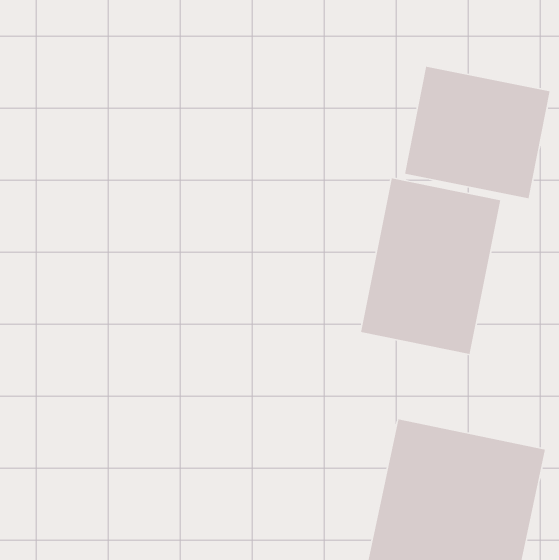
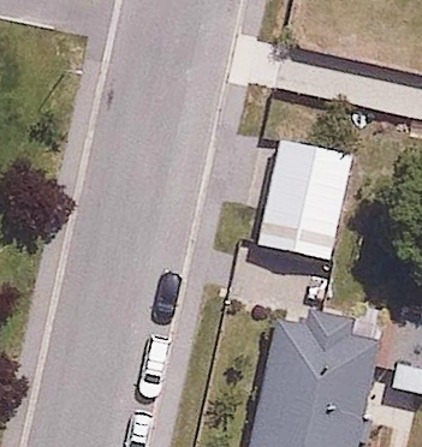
building: [404,66,551,199] -> none

